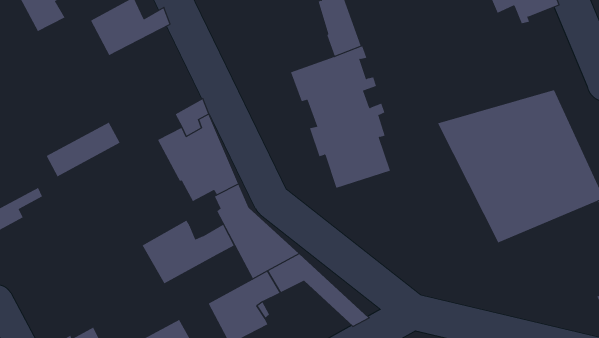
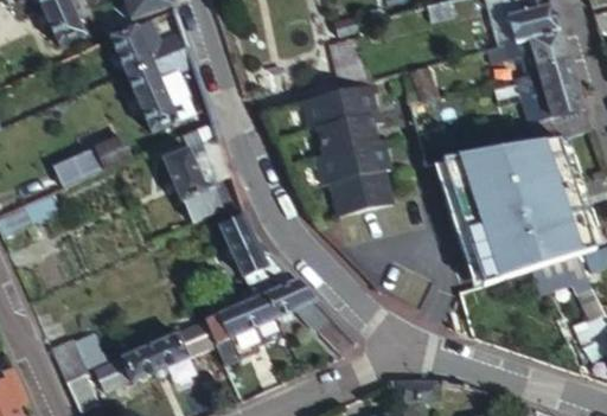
building: none -> [518,57,592,137]
building: none -> [127,46,194,132]
building: [142,220,235,284] -> none

